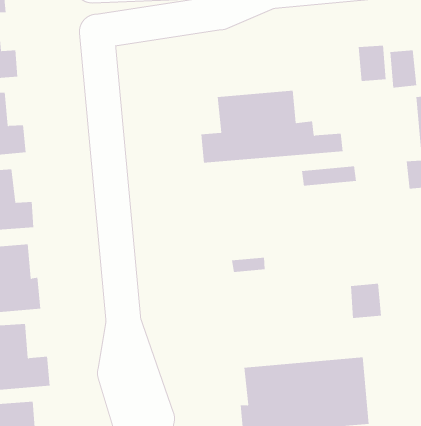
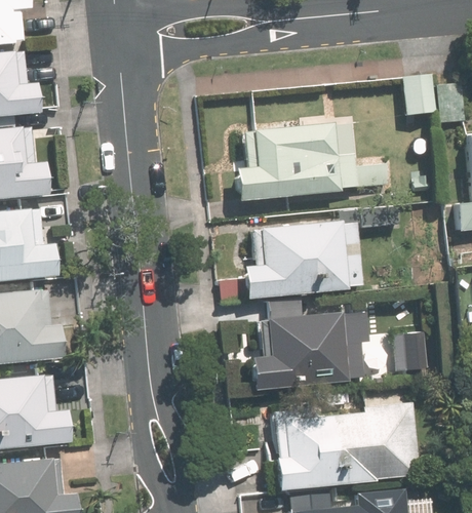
building: none -> [220,223,361,306]
building: none -> [250,312,367,392]

